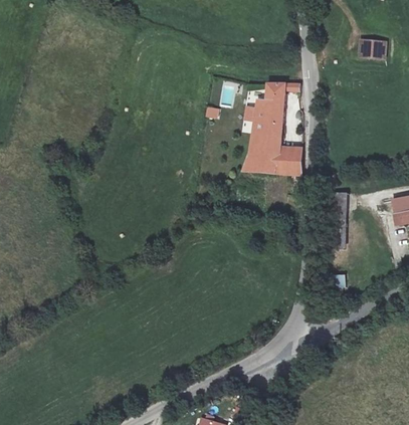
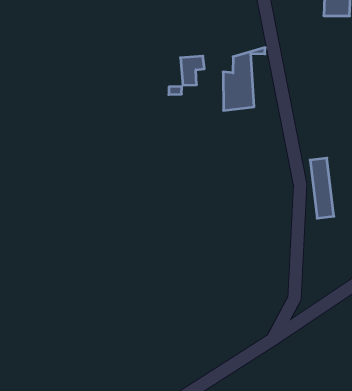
building: [243,138,302,173] -> none

